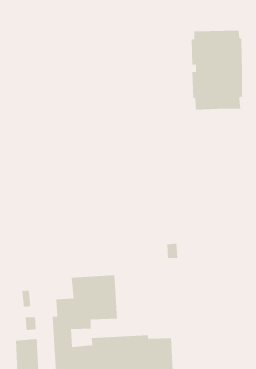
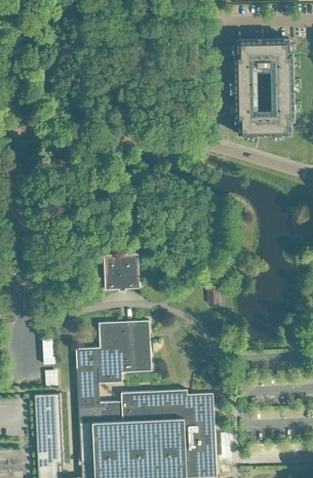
building: none -> [104,253,140,291]

